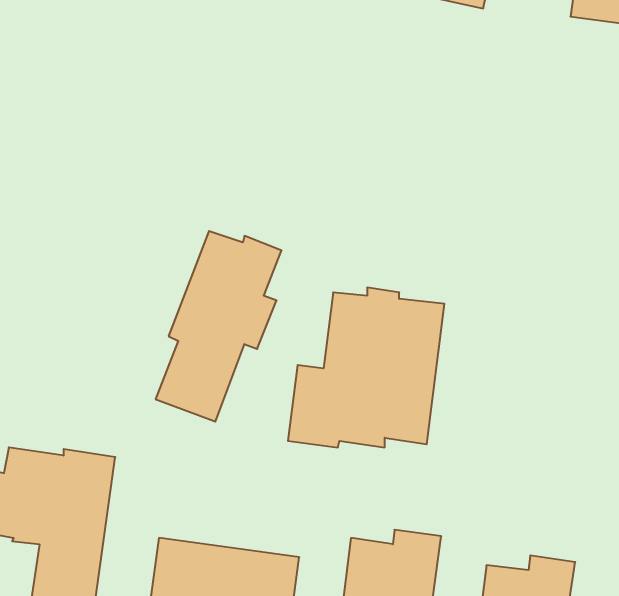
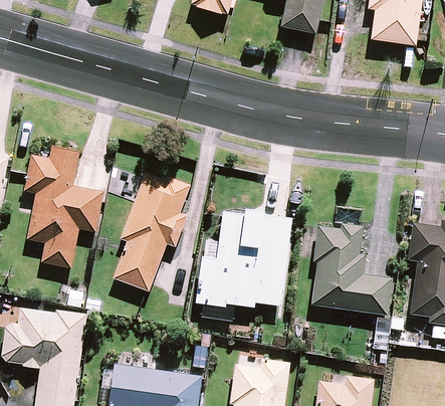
building: none -> [24,146,104,268]
building: none -> [311,223,392,315]

